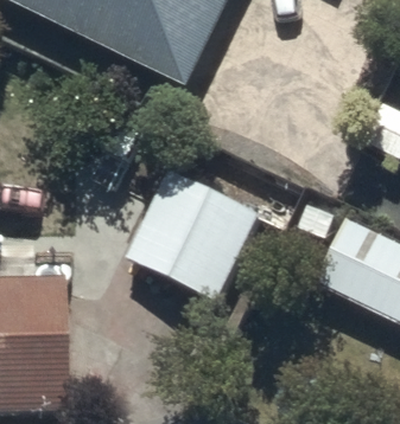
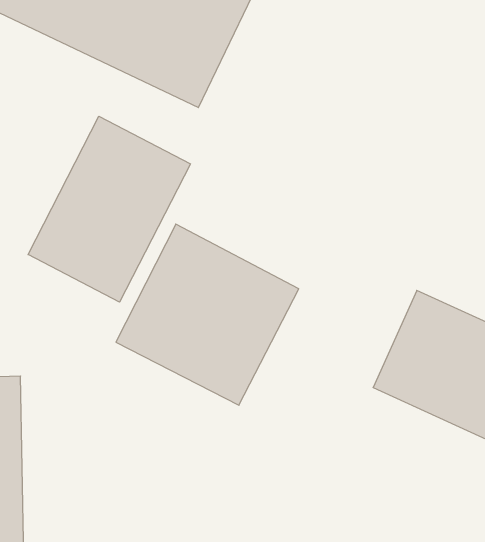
building: none -> [28,116,190,302]

